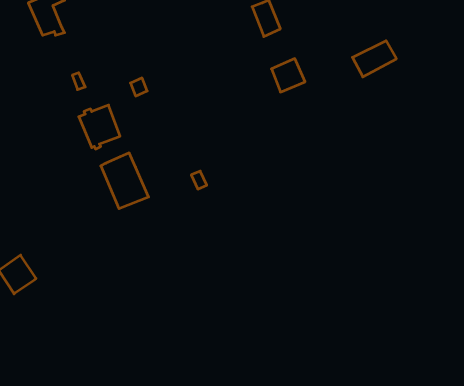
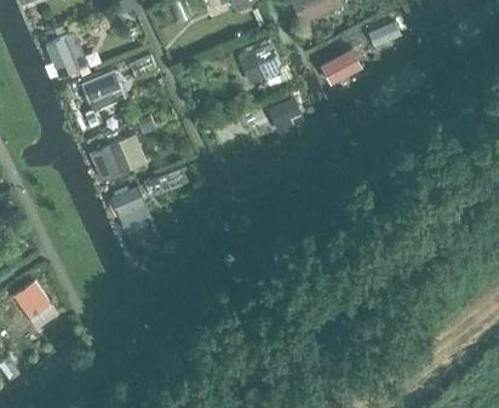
building: none -> [81,71,121,109]
building: [352,41,396,77] -> [320,50,361,84]

